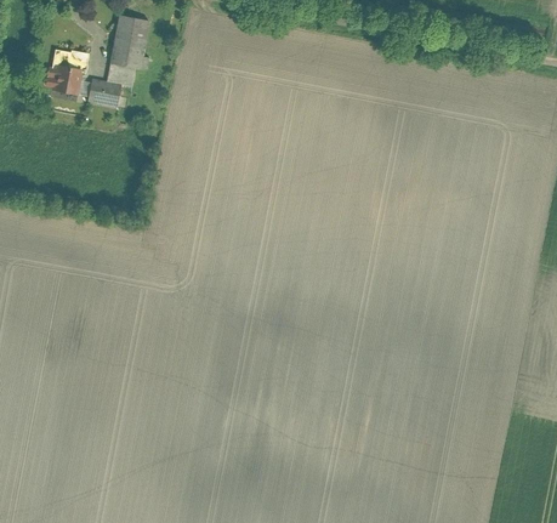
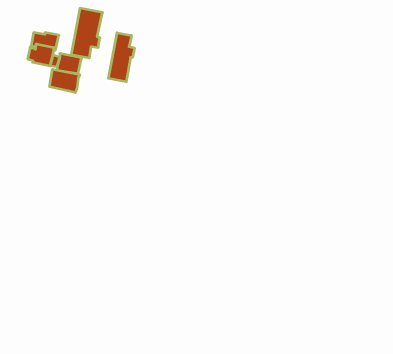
building: none -> [108,33,134,82]
building: none -> [50,69,80,93]

